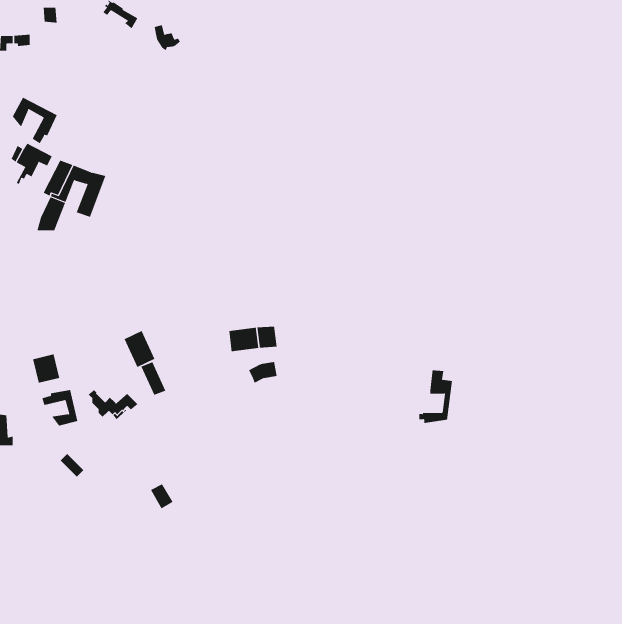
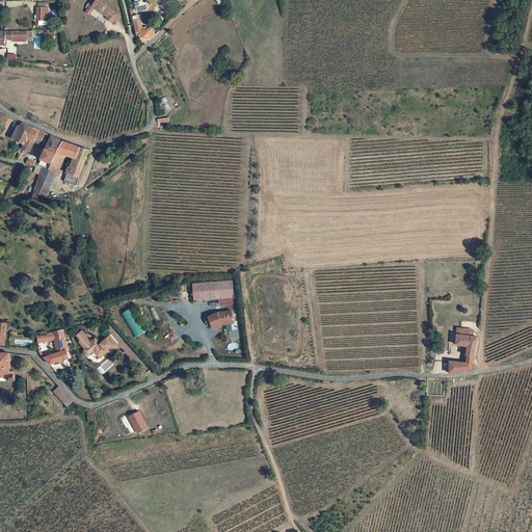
building: [12,97,57,144] -> none
building: [124,330,155,368] -> none
building: [33,354,60,384] -> none
building: [419,370,453,423] -> [445,327,474,373]

